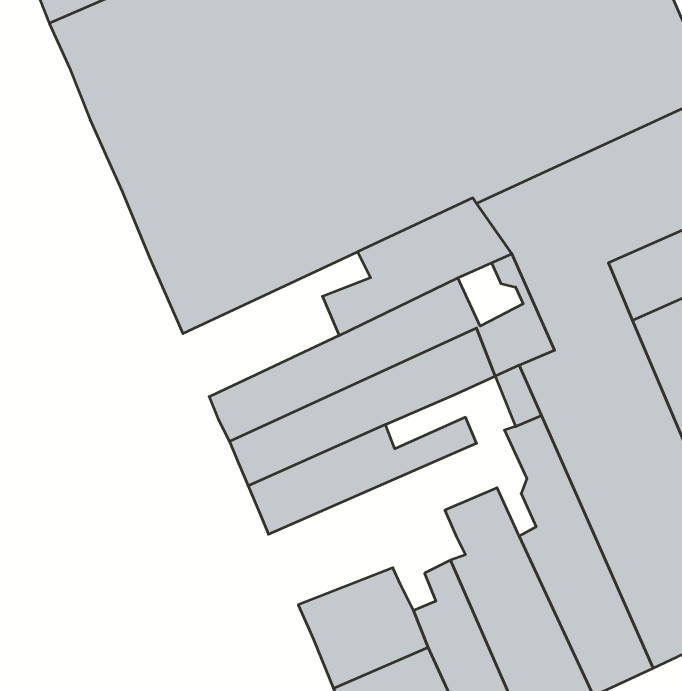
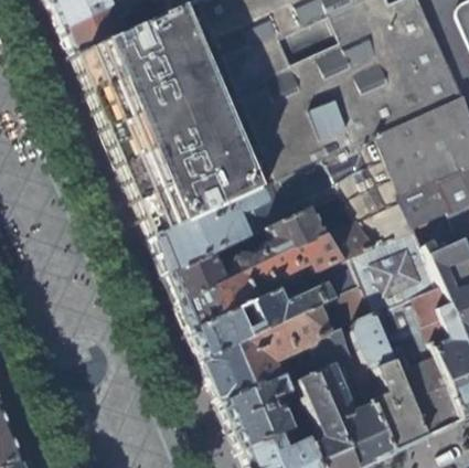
building: none -> [151,188,263,274]
building: none -> [202,308,338,397]

